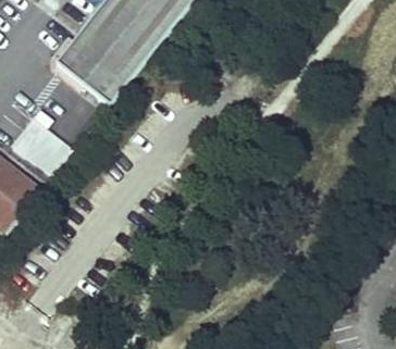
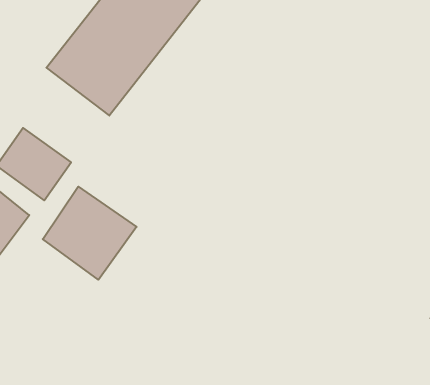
building: none -> [43,187,137,280]

